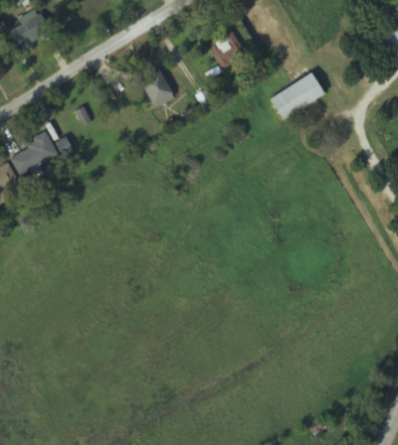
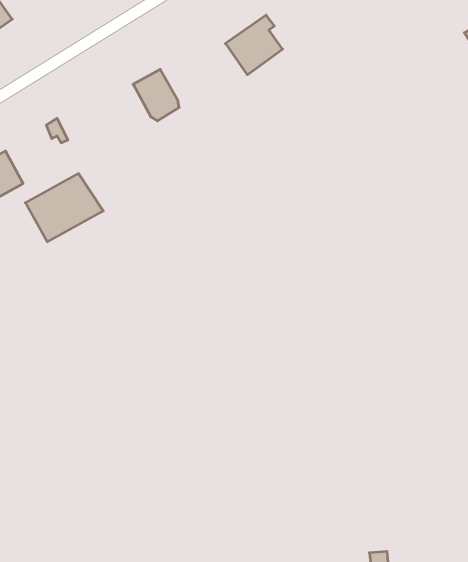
building: [269,71,325,120] -> none
building: none -> [25,174,103,242]

